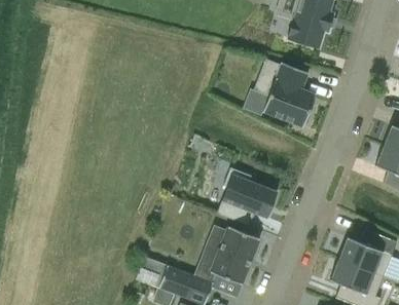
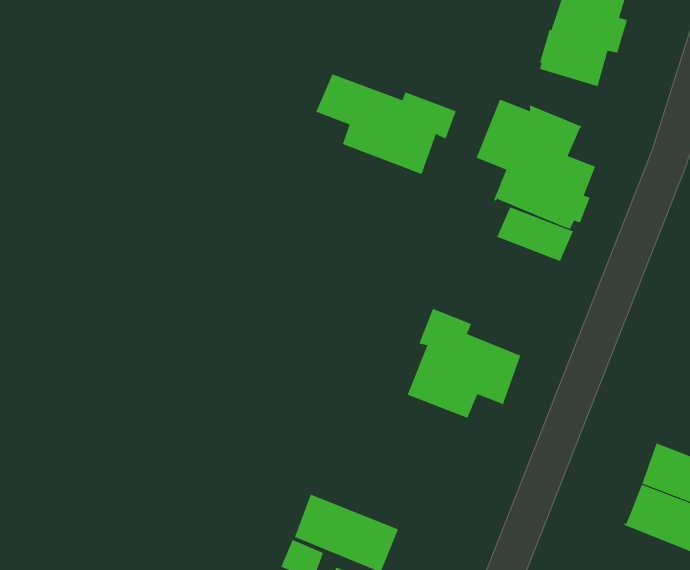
building: none -> [316,73,457,175]
building: none -> [497,205,574,262]
building: [208,226,259,283] -> none

